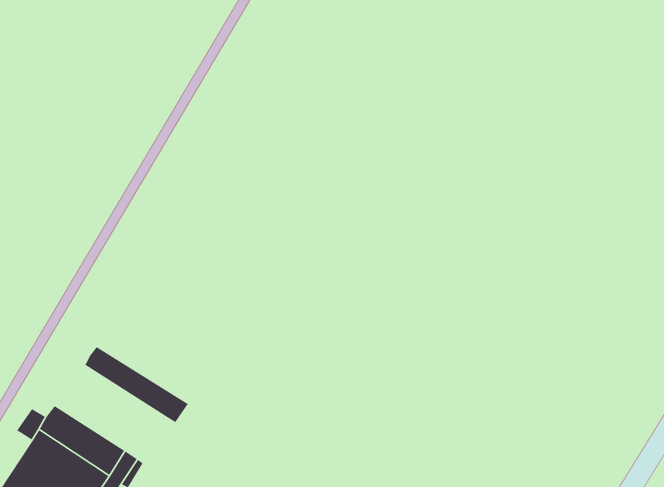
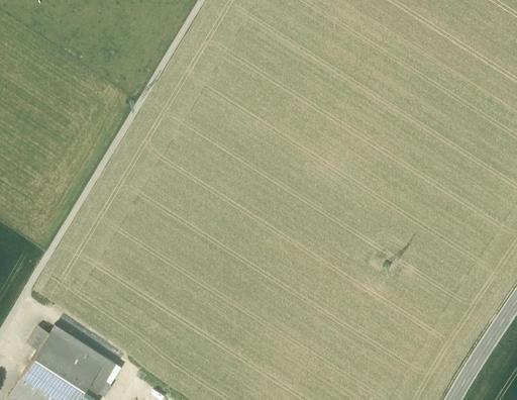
building: [85,346,189,423] -> none

